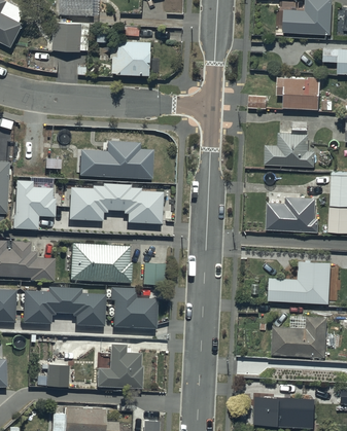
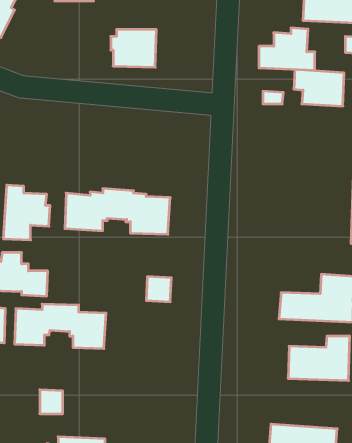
building: [53,23,89,52] -> none
building: [264,129,314,167] -> [259,28,315,70]
building: [79,142,152,178] -> none
building: [266,197,318,230] -> none
building: [70,244,132,283] -> none
building: [110,288,157,330] -> none
building: [96,345,142,389] -> none

